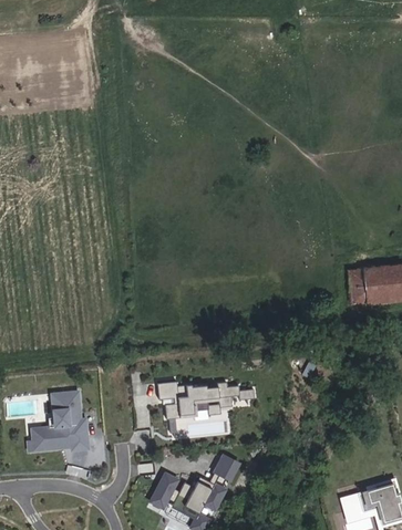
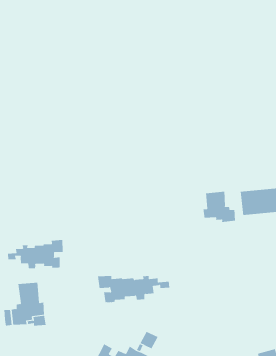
building: none -> [203,191,235,223]
building: none -> [7,239,63,269]

